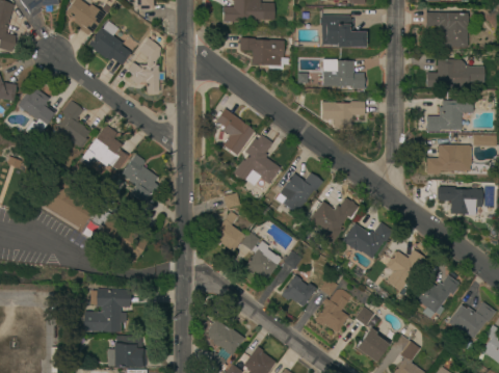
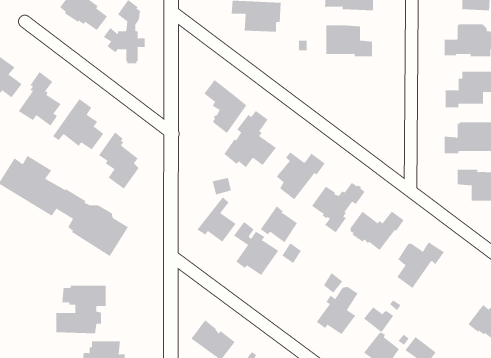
building: [322,100,365,127] -> none
building: [281,273,314,307] -> [260,205,298,243]
building: [412,274,459,312] -> none

